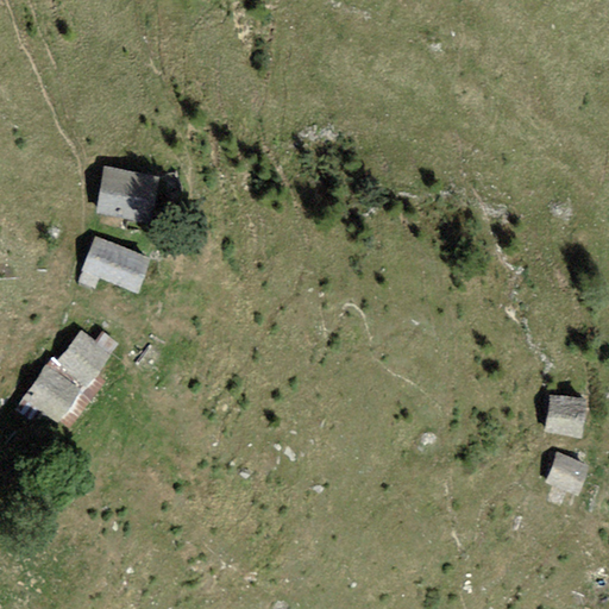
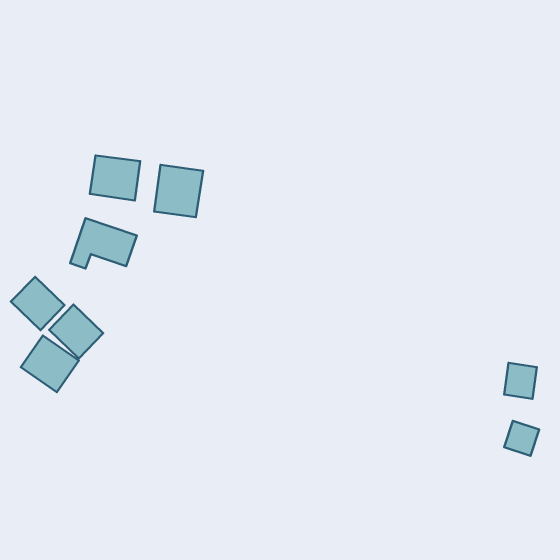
building: none -> [154,165,203,217]
building: none -> [11,277,64,330]

